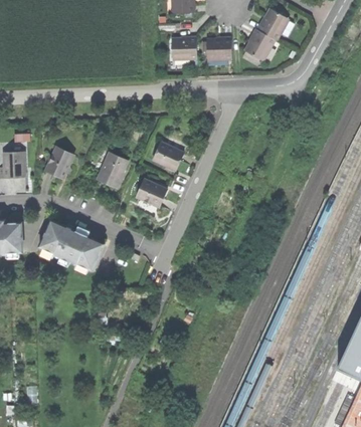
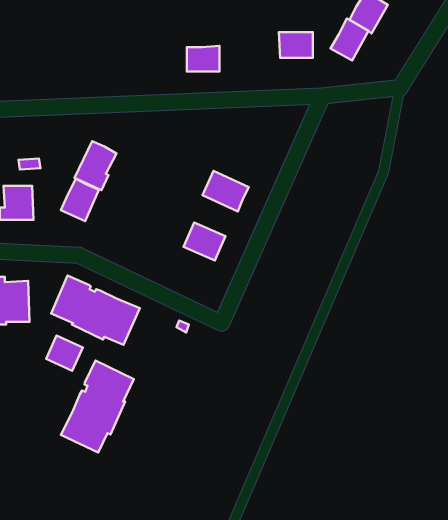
building: [172,38,196,57] -> [187,46,219,72]
building: [98,152,129,188] -> [74,141,117,190]
building: none -> [46,336,83,371]
building: none -> [61,360,134,453]

